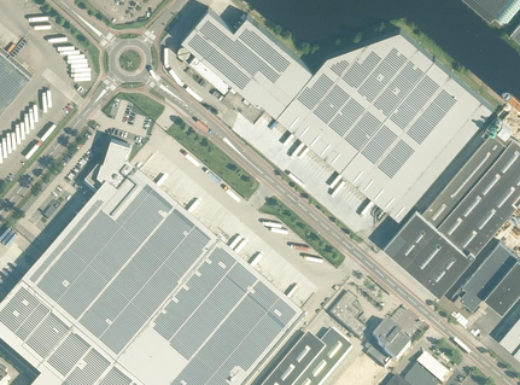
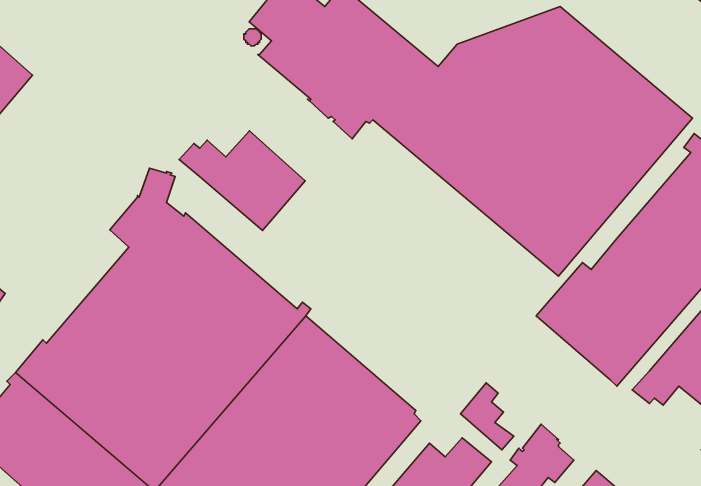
building: none -> [179,131,305,230]

